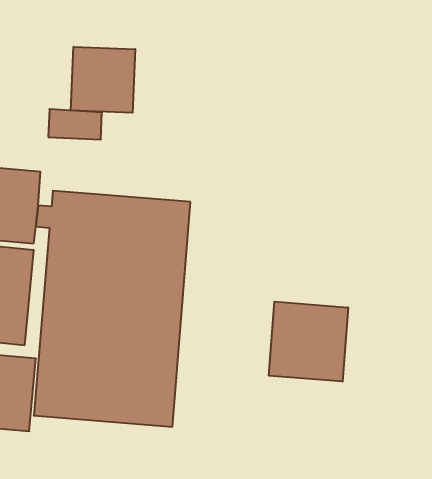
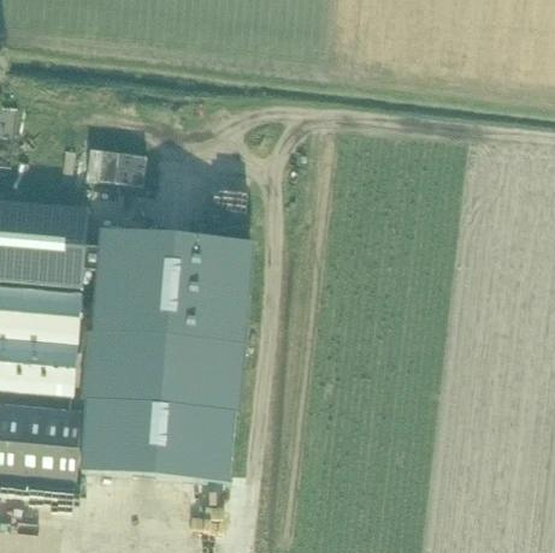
building: [71,47,135,113] -> none
building: [269,302,348,382] -> none

